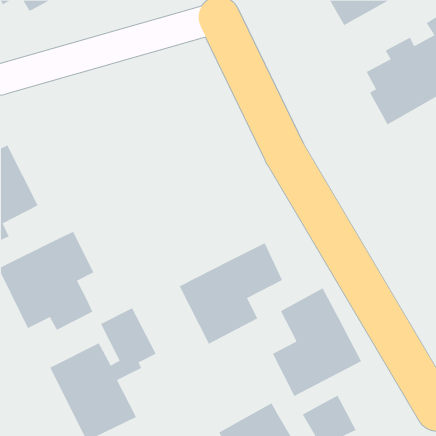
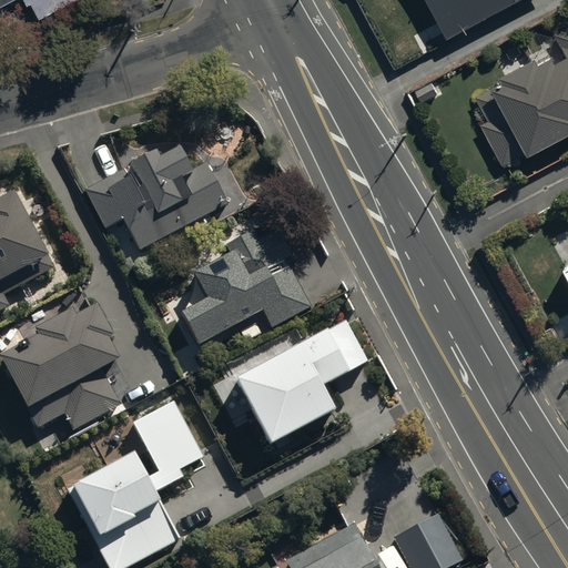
building: none -> [85,136,229,252]
building: none -> [179,223,311,346]
building: [272,288,362,397] -> none

